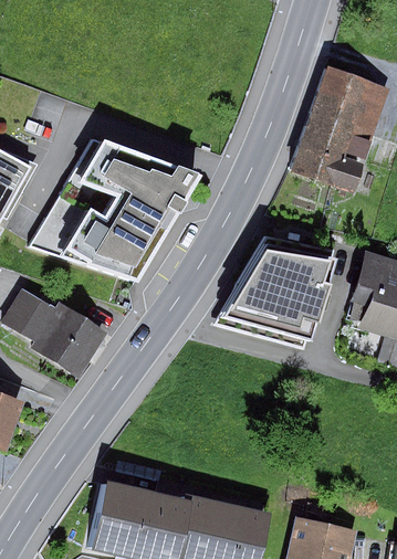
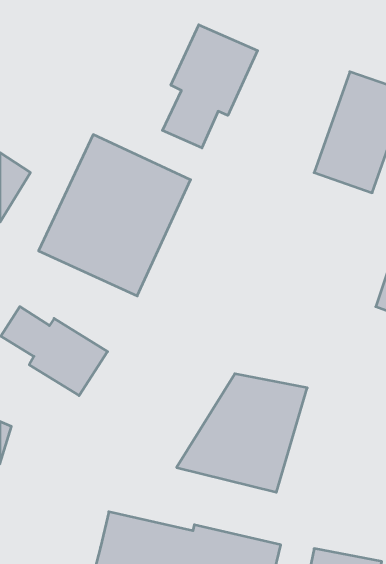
building: none -> [162,25,258,148]
building: [215,238,336,348] -> [177,374,307,492]

